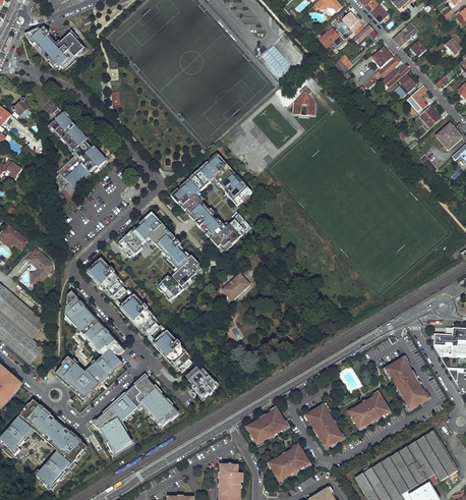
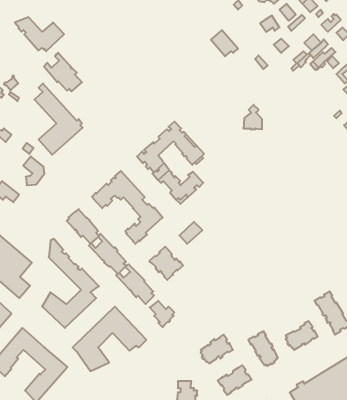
building: none -> [44,53,82,91]
building: [292,86,314,115] -> [243,105,262,129]
building: [26,246,52,281] -> [23,156,45,185]
building: none -> [149,247,183,280]

